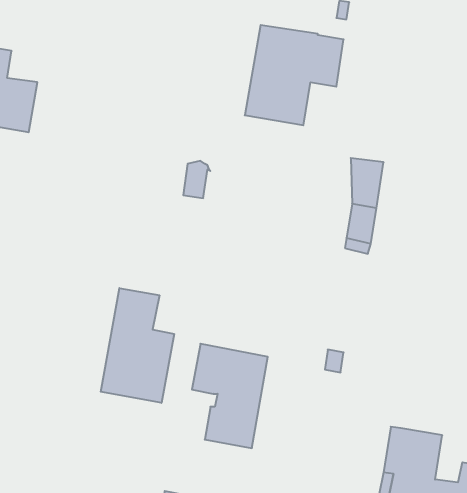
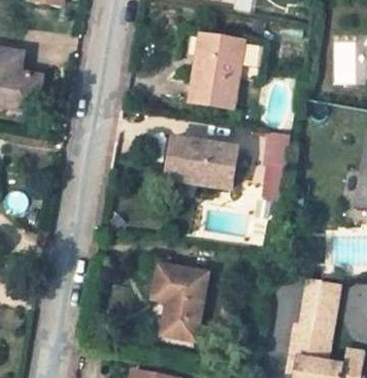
building: none -> [165,136,237,188]
building: [101,288,174,403] -> none
building: none -> [301,279,338,329]

